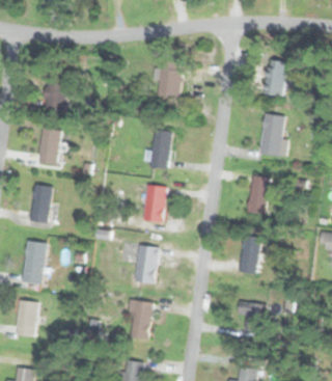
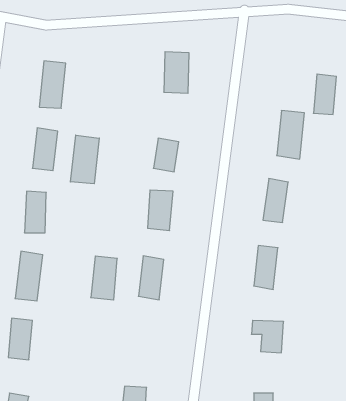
building: [265,59,285,96] -> [313,74,336,114]
building: none -> [70,135,99,184]
building: [128,300,151,339] -> [91,256,117,300]

